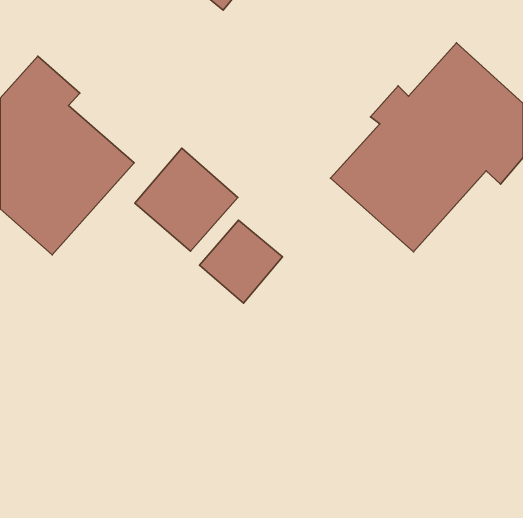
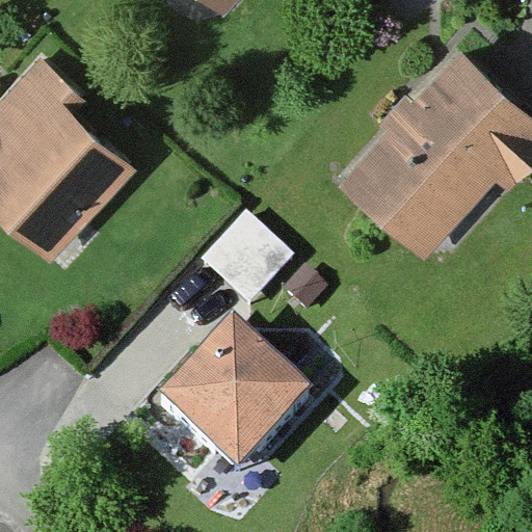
building: [135,148,238,251] -> none
building: none -> [164,335,312,482]

